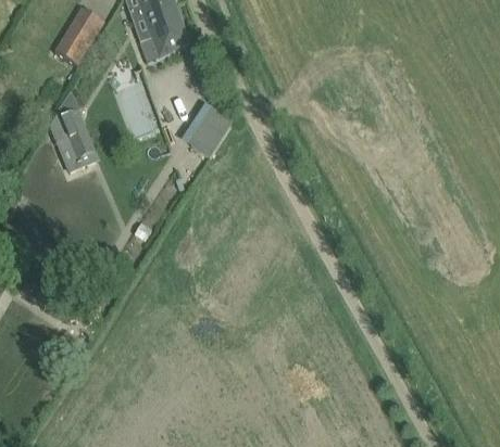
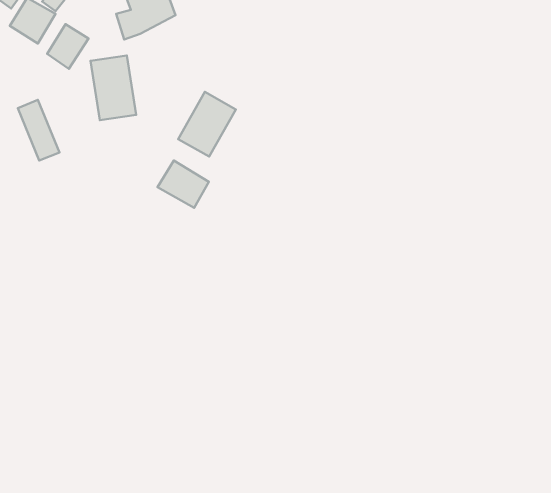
building: none -> [47,24,88,69]
building: none -> [158,161,209,208]

